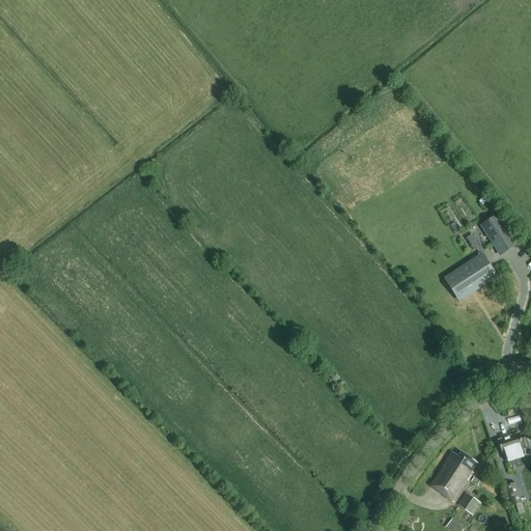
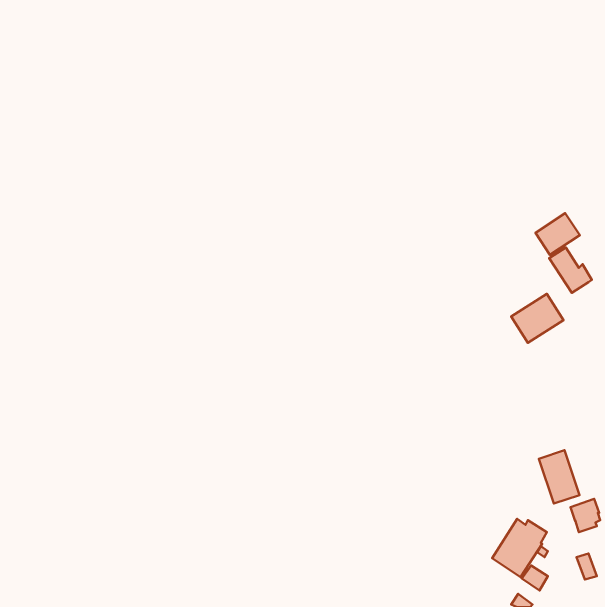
building: none -> [535,213,580,255]
building: none -> [539,450,580,504]

